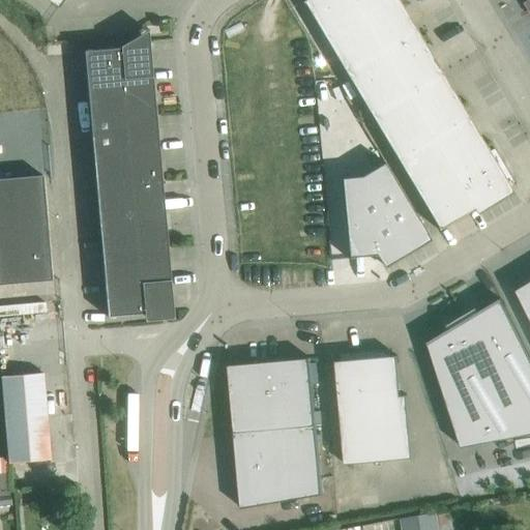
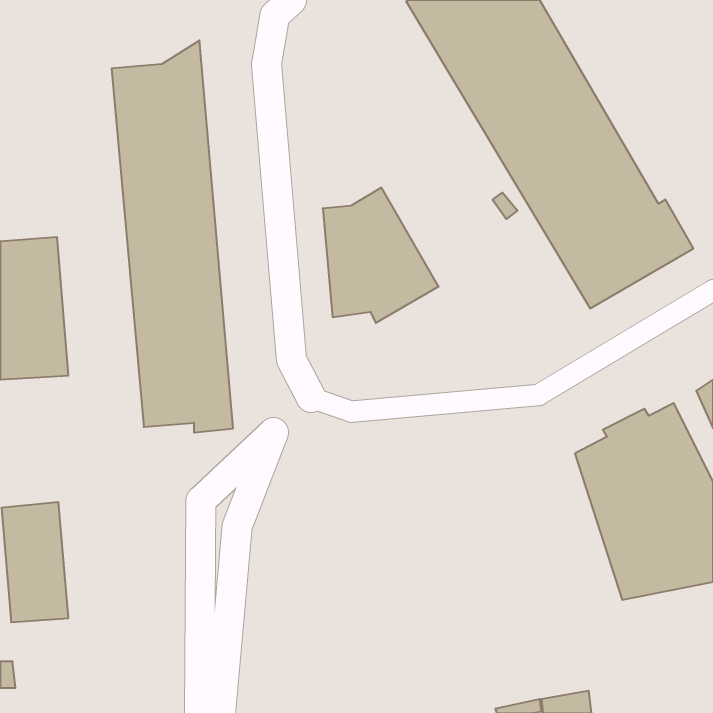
building: [341,163,426,263] -> [323,188,439,323]
building: [334,350,413,464] -> none
building: [228,357,323,508] -> none

